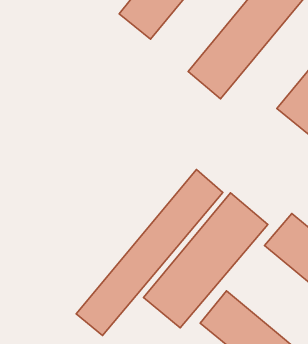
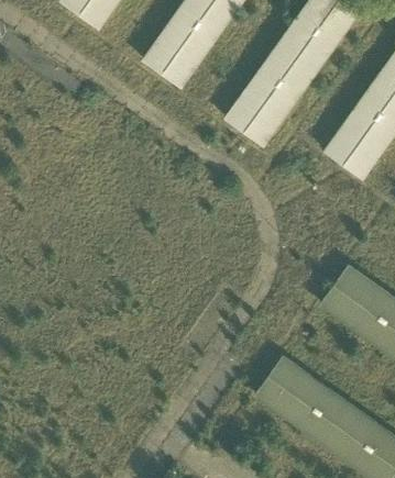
building: [76,170,223,336] -> none
building: [143,193,268,328] -> none

